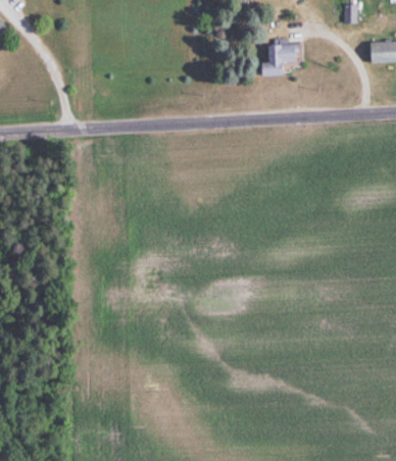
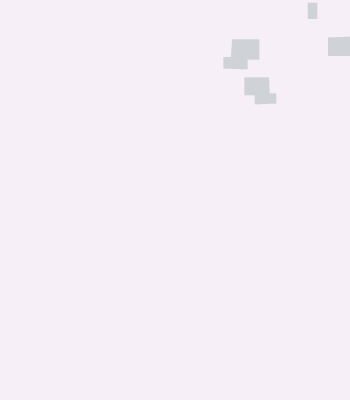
building: none -> [244,76,277,105]

